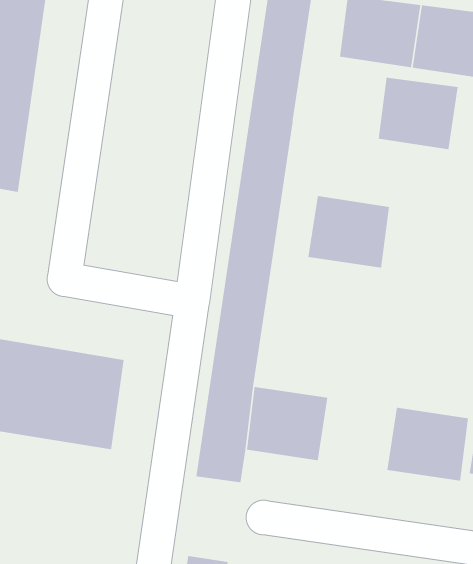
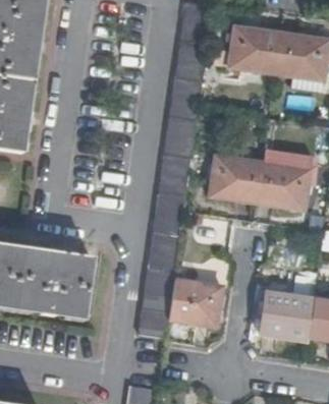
building: [378,77,459,150] -> [257,163,309,210]

